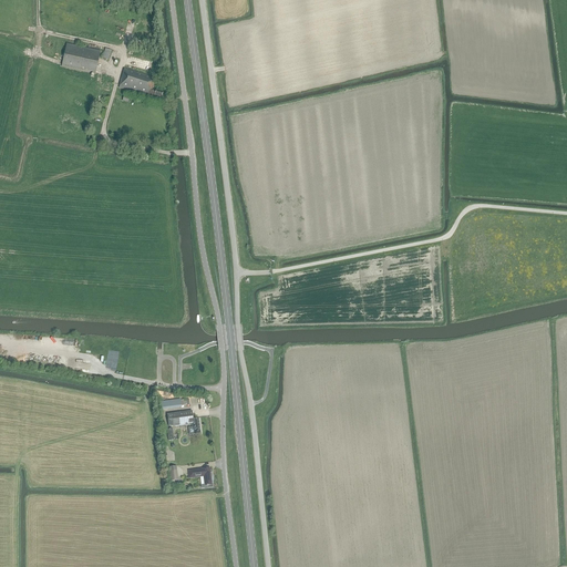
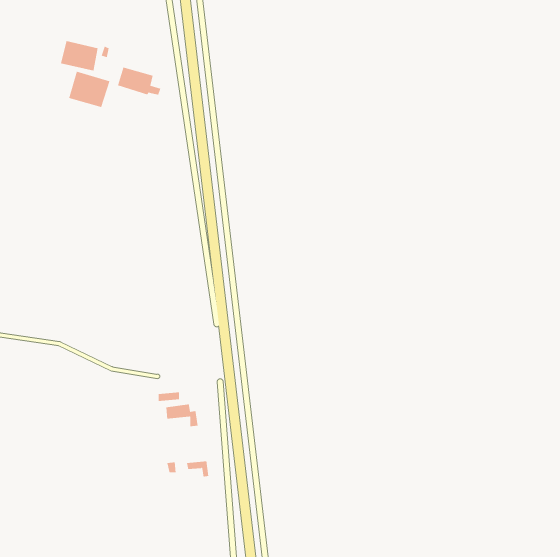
building: none -> [69,71,110,108]

